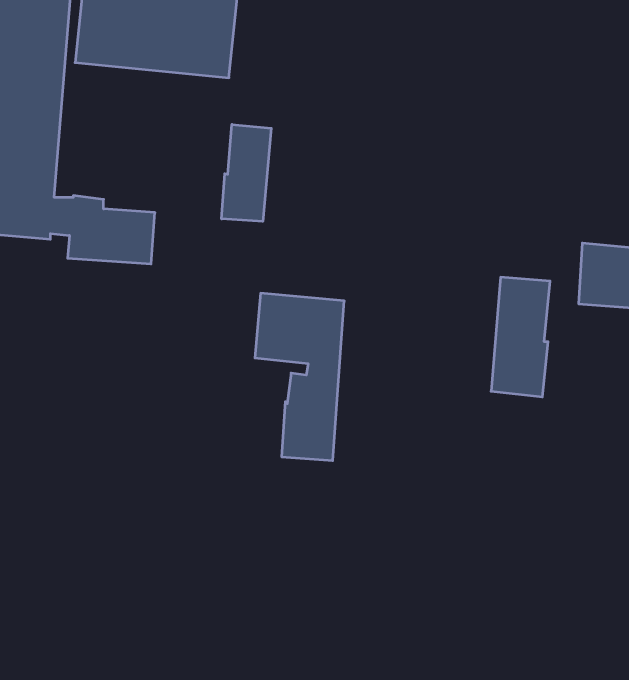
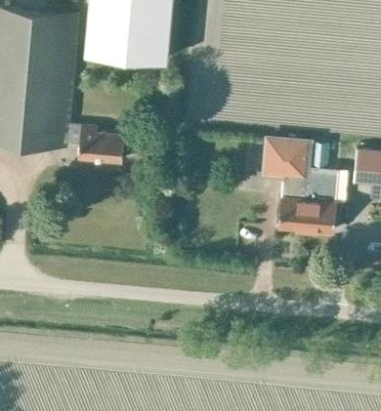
building: [222,124,271,221] -> none
building: [255,293,344,461] -> [263,143,311,234]

